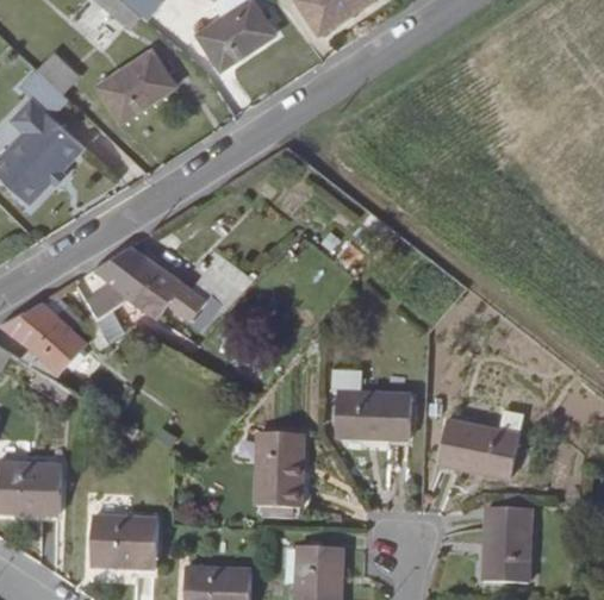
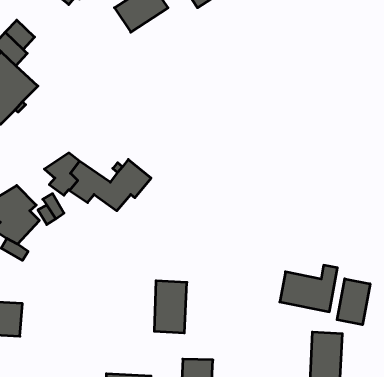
building: [96,50,175,123] -> none
building: [331,370,411,439] -> none
building: none -> [337,279,370,325]
building: [91,519,157,569] -> none

